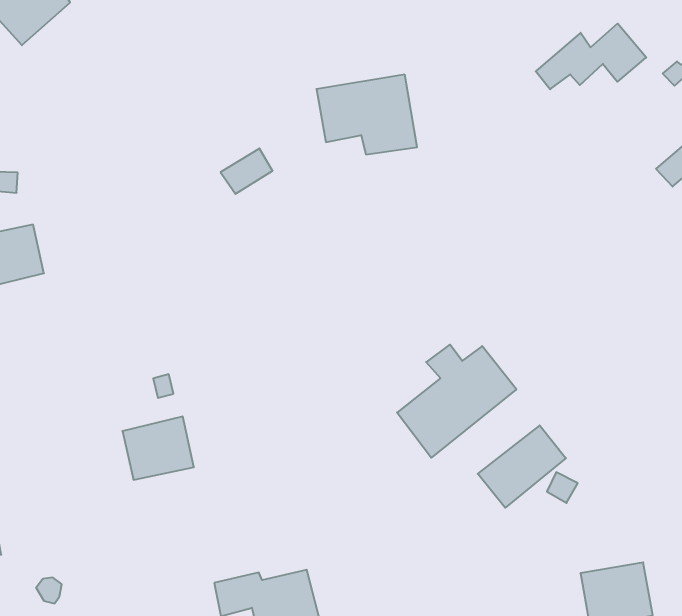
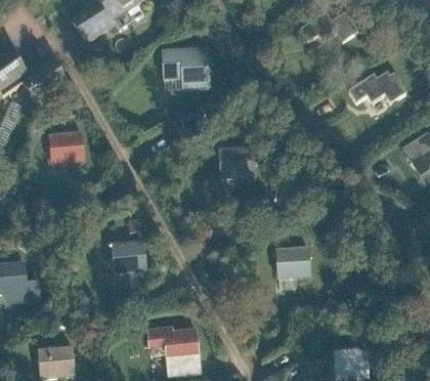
building: [316,75,417,154] -> [162,49,209,87]
building: none -> [218,150,252,175]
building: [478,425,566,508] -> none

